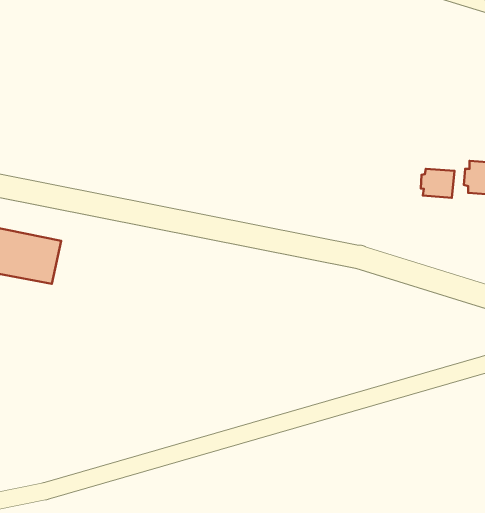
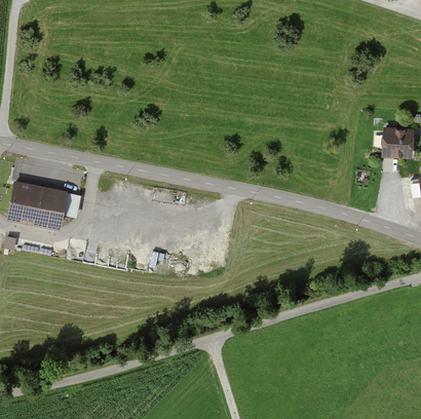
building: [421,169,455,198] -> none

